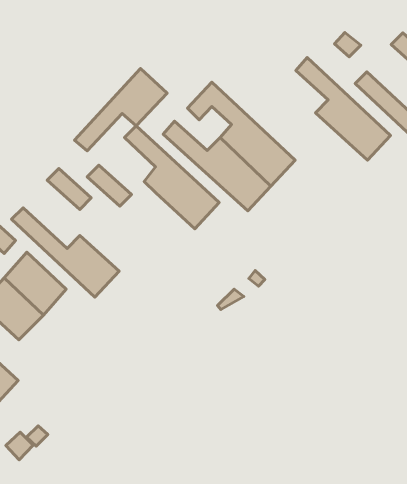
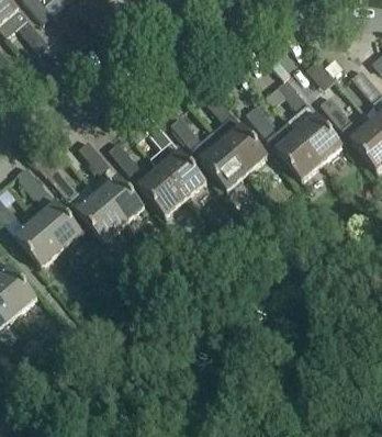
building: [75,69,167,151] -> none
building: none -> [244,104,322,179]
building: none -> [137,167,184,215]
building: none -> [97,175,144,223]

